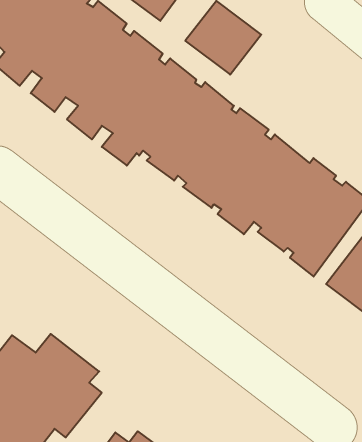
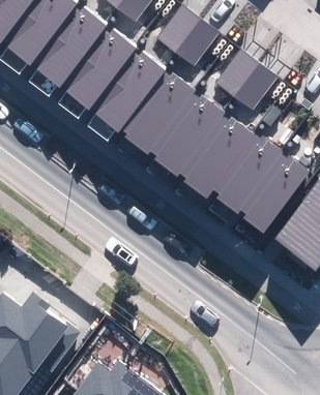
building: none -> [215,50,278,111]

